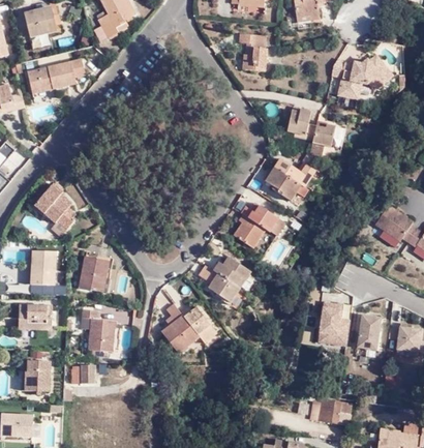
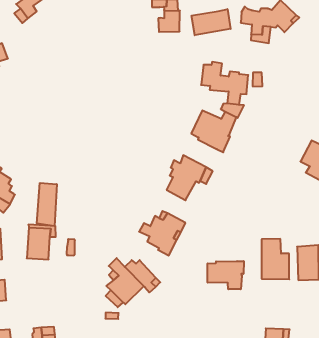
building: none -> [192,9,231,35]
building: none -> [37,183,57,226]
building: [79,309,114,358] -> none
building: none -> [208,261,244,289]

